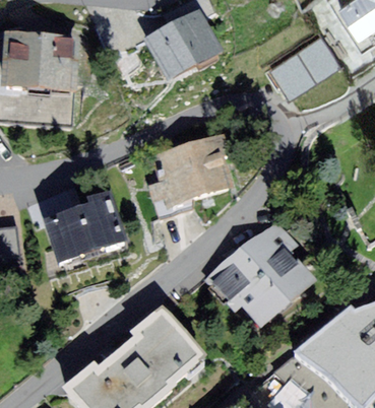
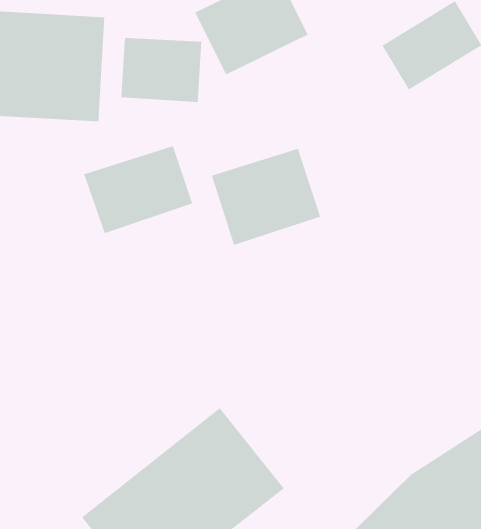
building: none -> [120,37,202,103]
building: [45,196,119,256] -> [83,145,193,234]
building: [209,223,313,330] -> none

